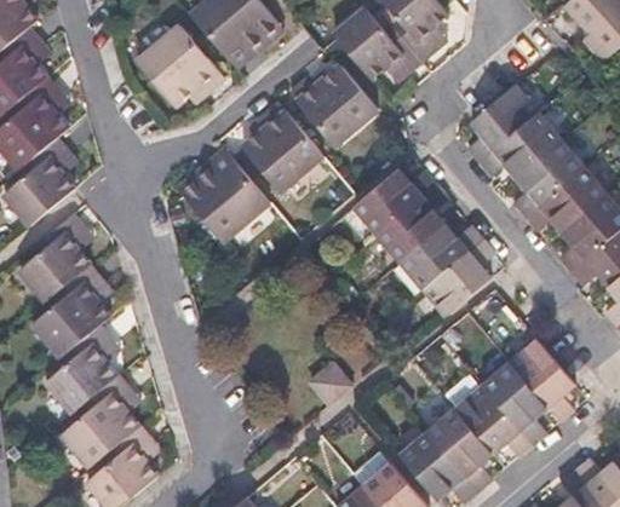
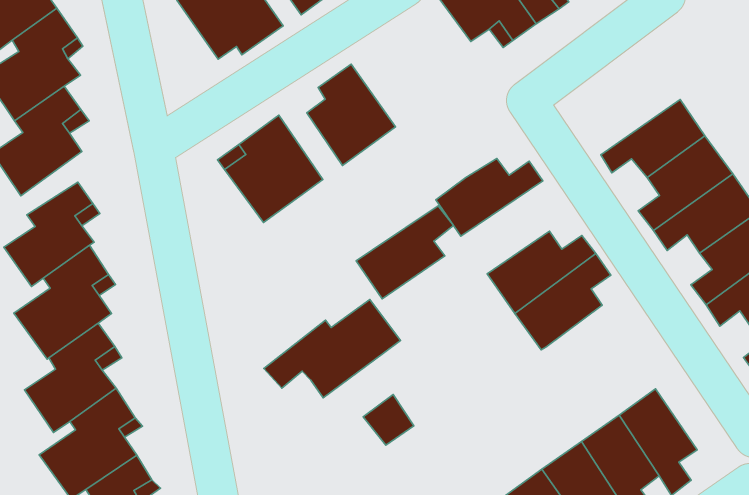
building: [292,67,374,142] -> none
building: [466,83,538,160] -> none
building: [375,184,449,260] -> [356,206,454,299]
building: none -> [264,300,400,398]

